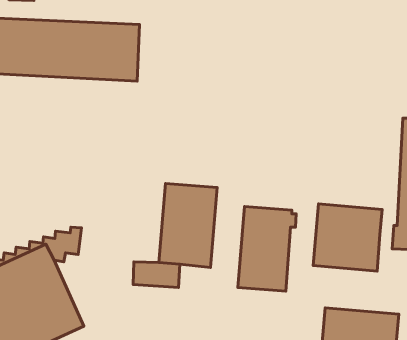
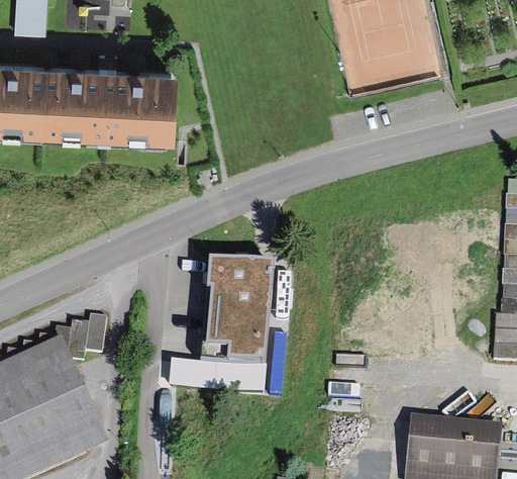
building: [313,204,382,271] -> none
building: [238,206,296,291] -> none

